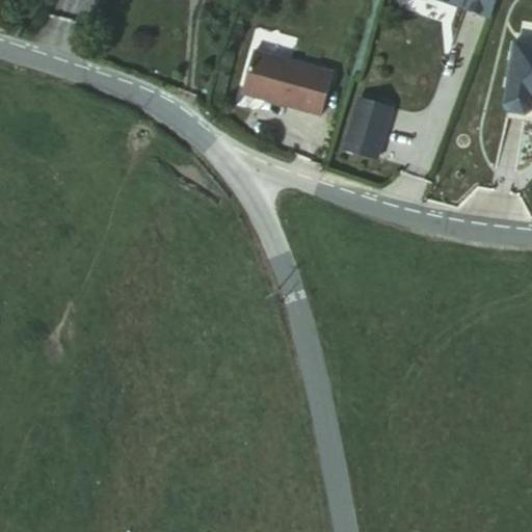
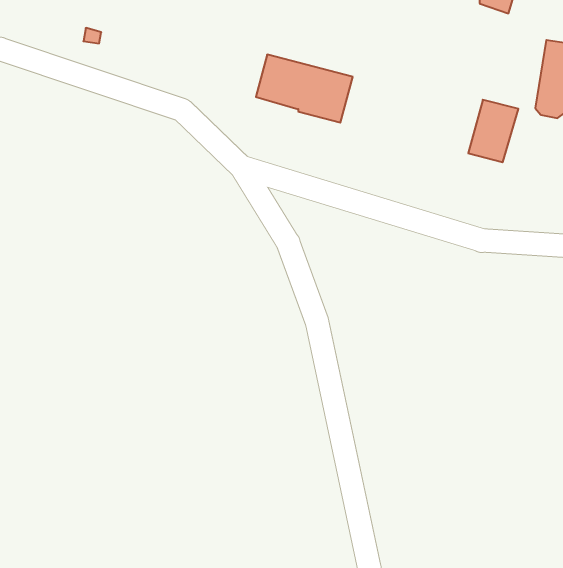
building: [346,98,393,156] -> [468,100,518,162]

